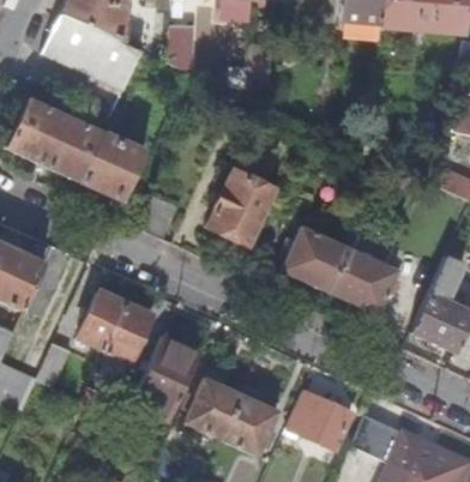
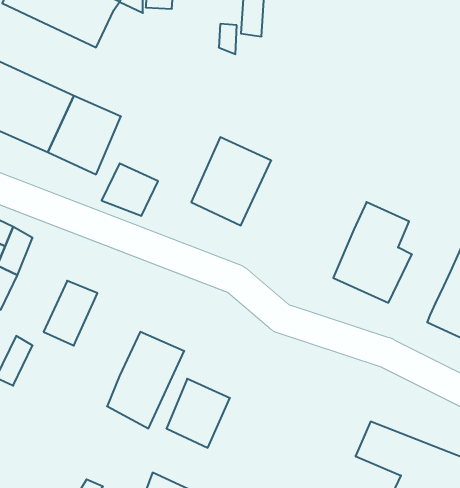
building: [282,228,348,291] -> none
building: [104,305,151,362] -> none
building: [284,393,350,452] -> none
building: [221,396,277,457] -> none

